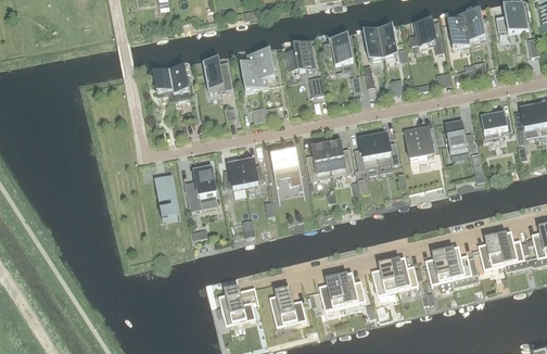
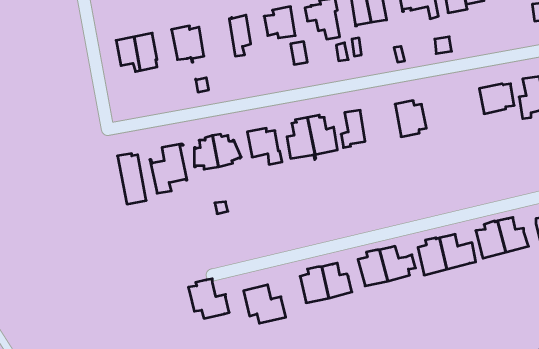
building: [240,51,259,88] -> none
building: [442,117,473,151] -> none
building: [372,131,398,162] -> none

